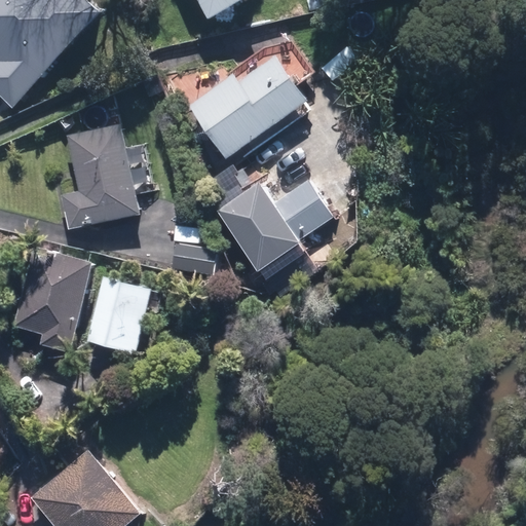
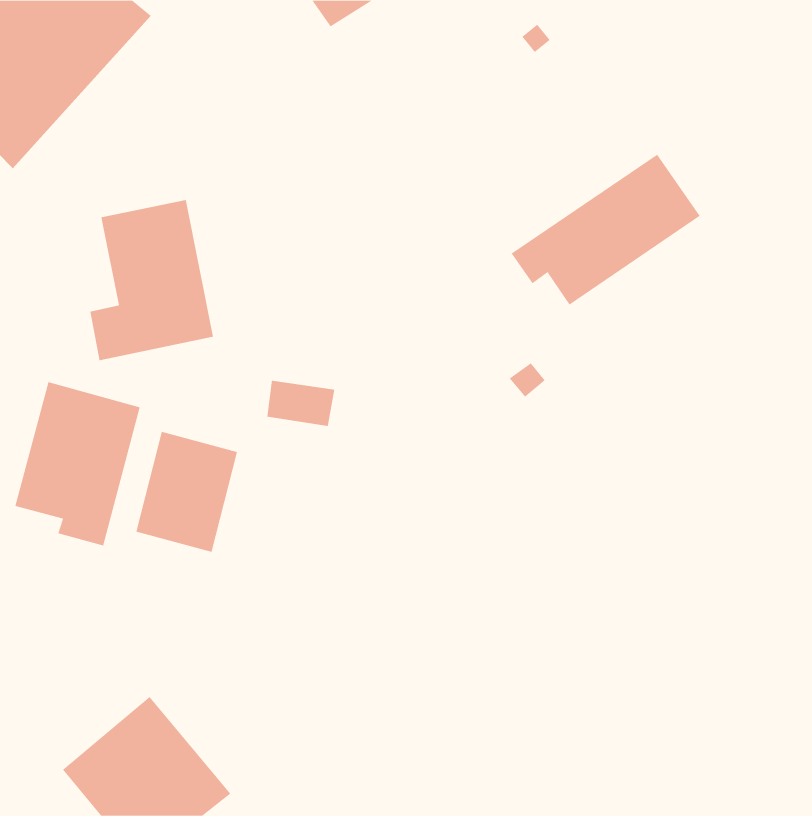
building: [188,33,314,161] -> none
building: none -> [511,154,701,306]
building: [212,165,338,266] -> none

